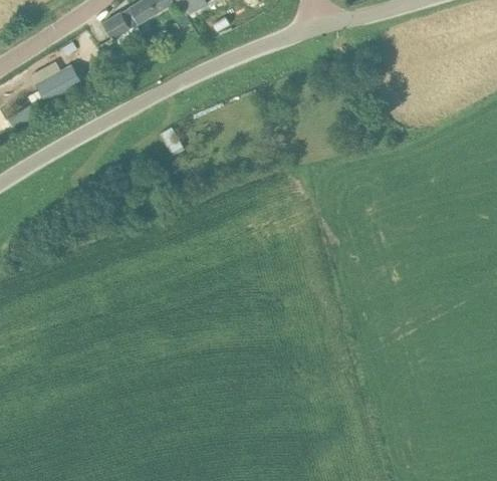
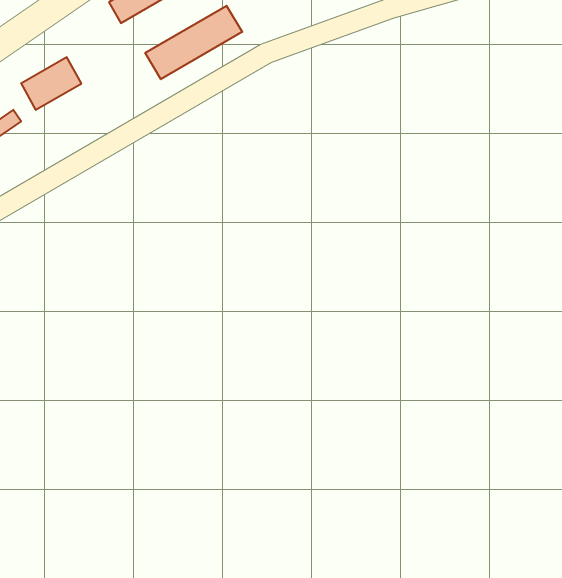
building: none -> [145,6,242,79]

